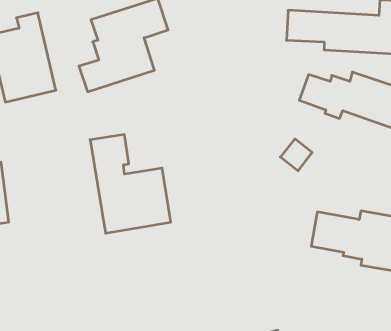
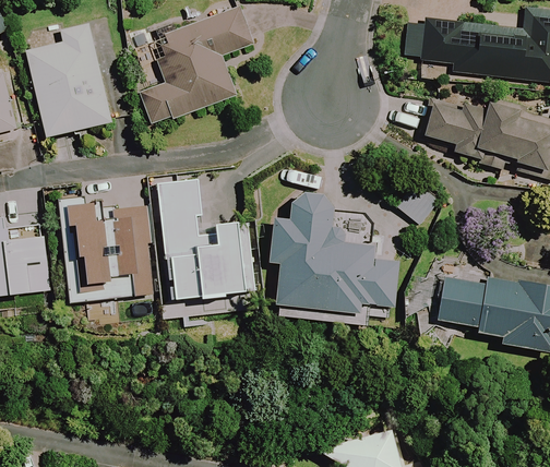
building: none -> [268,192,398,313]
building: none -> [65,202,152,298]

